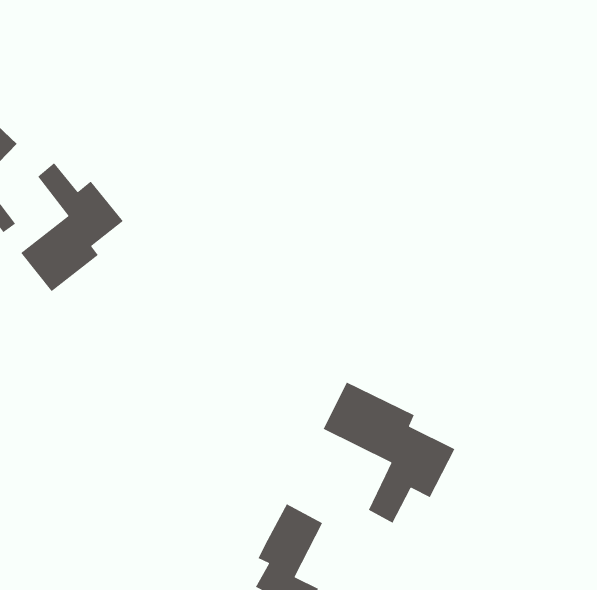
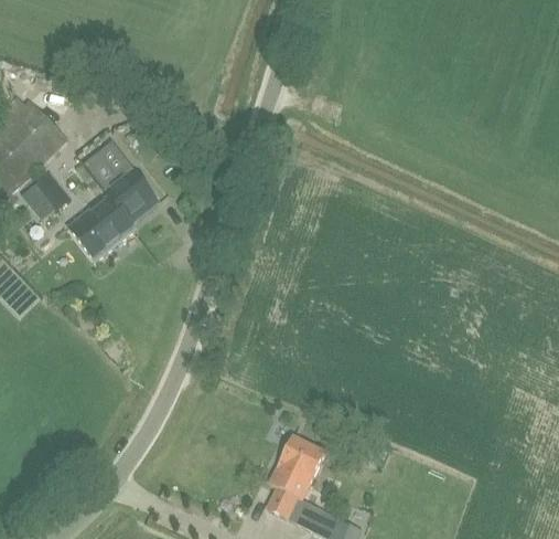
building: [322,381,455,524] -> none

